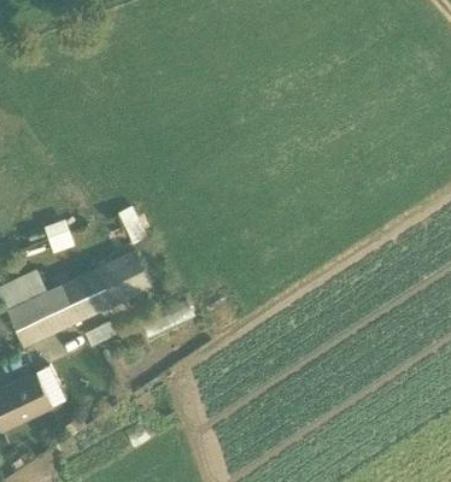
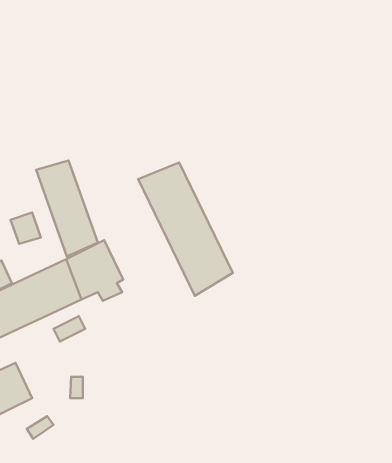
building: none -> [36,161,98,257]
building: none -> [138,162,233,296]

